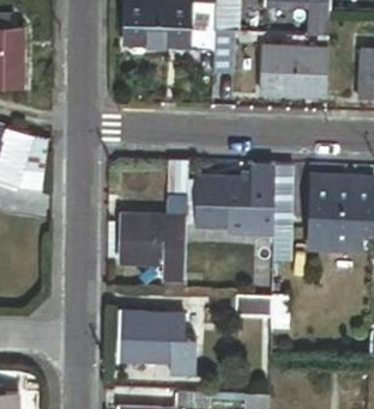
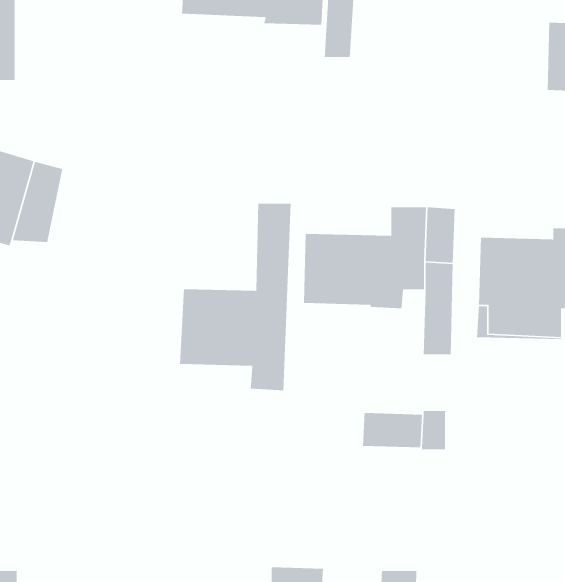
building: [259,45,325,91] -> none
building: [121,315,198,372] -> none

